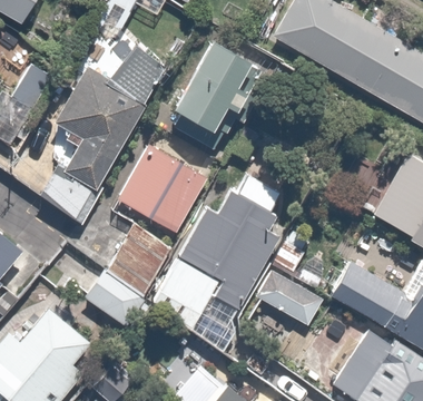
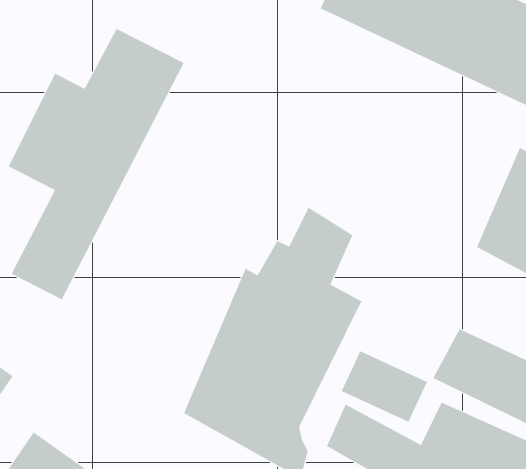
building: [175,35,269,151] -> none
building: [114,133,214,234] -> none
building: [85,225,171,323] -> none

